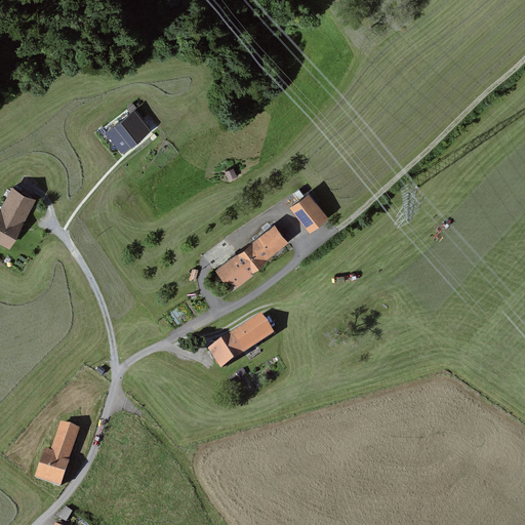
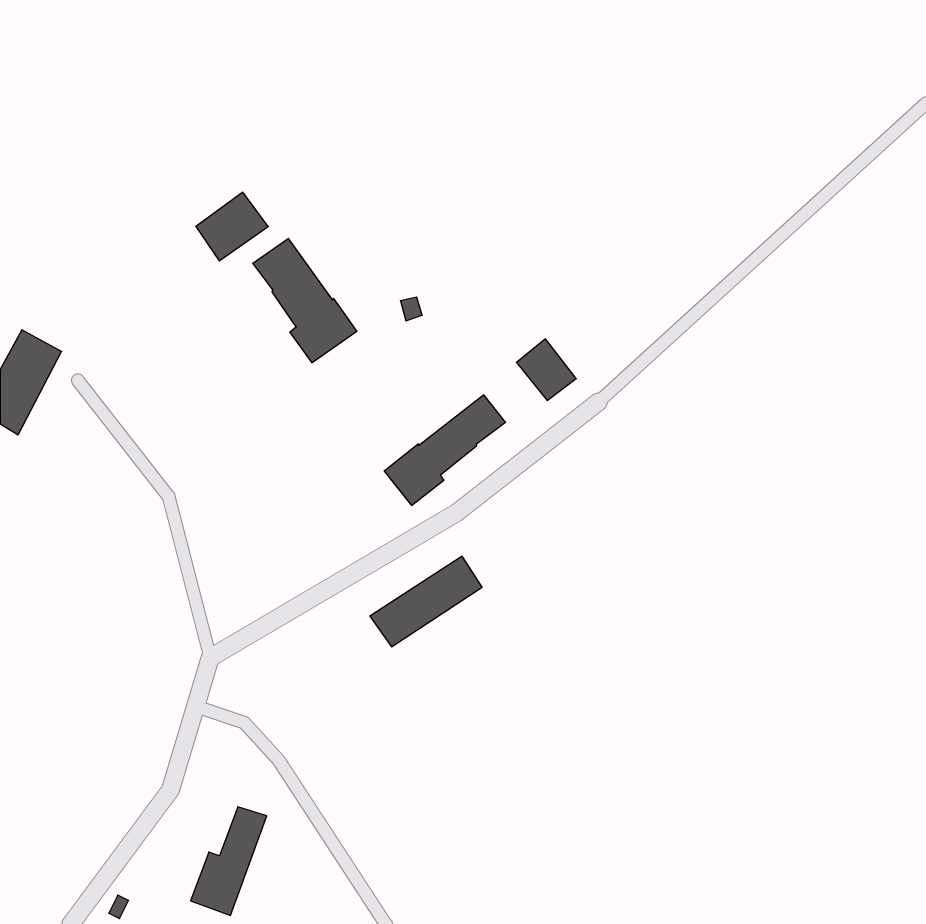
building: none -> [253,238,357,363]
building: [36,423,79,485] -> [191,807,267,915]

